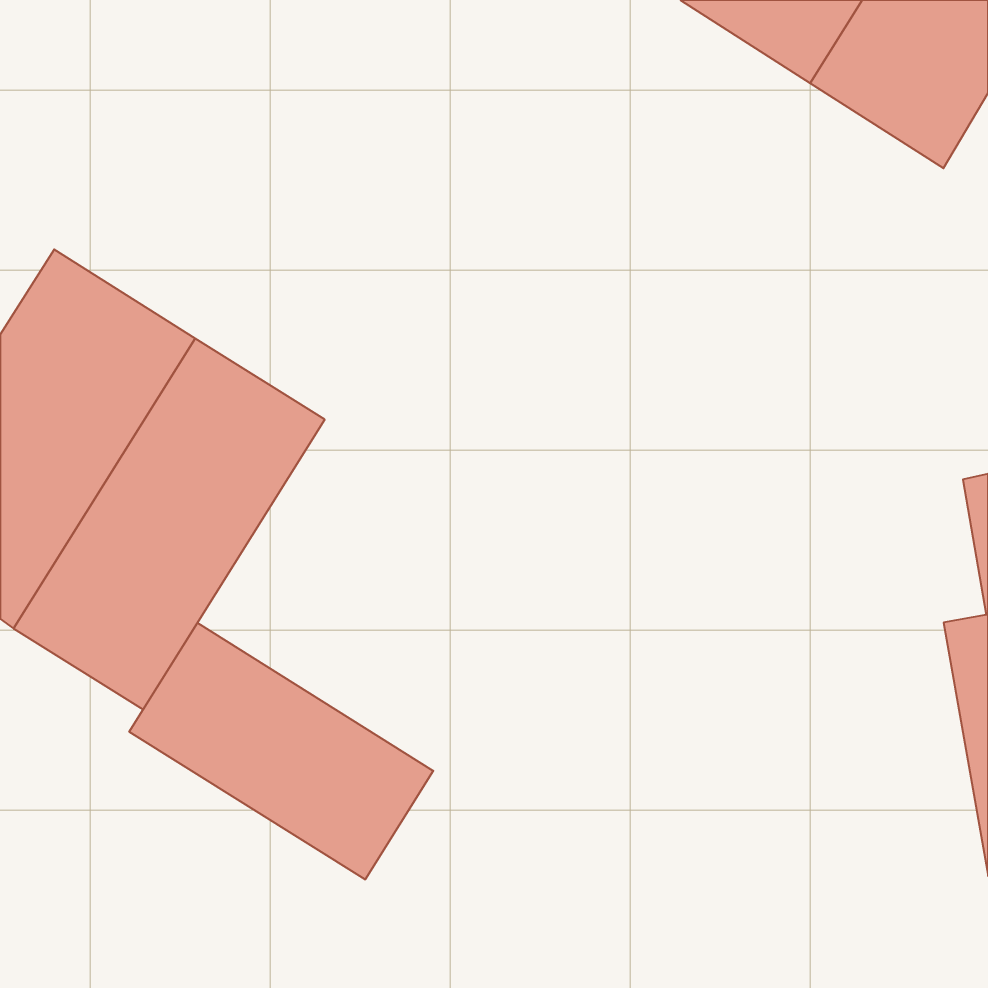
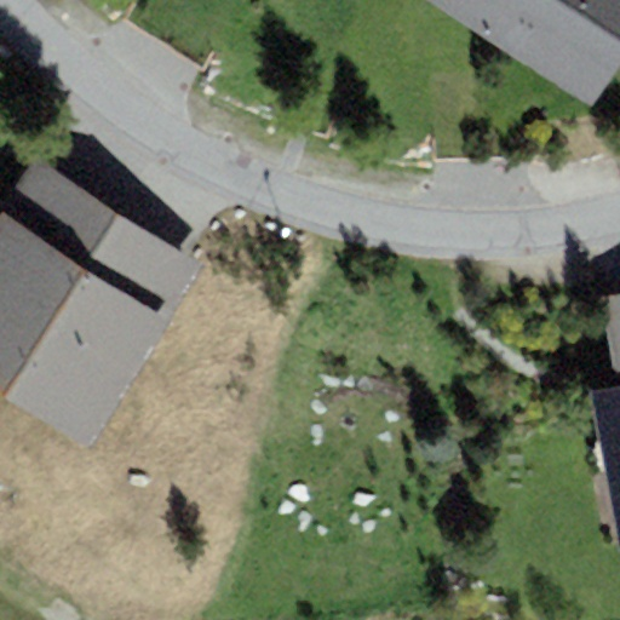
building: [129,623,433,880] -> none

